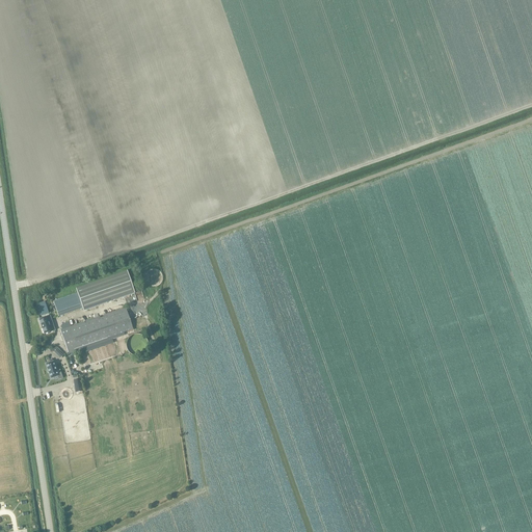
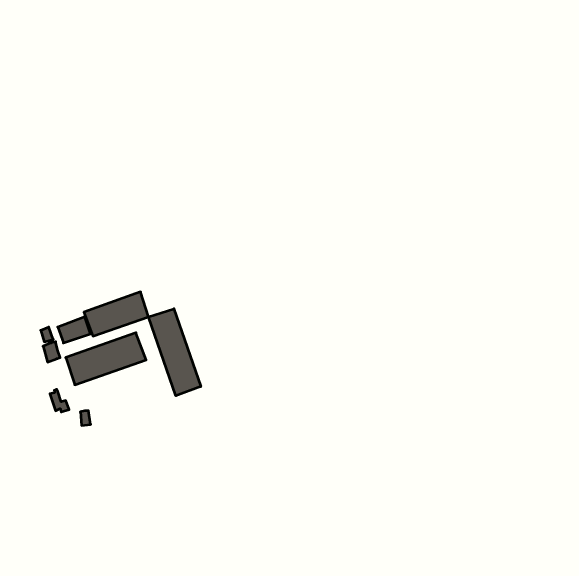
building: none -> [148,309,201,396]

